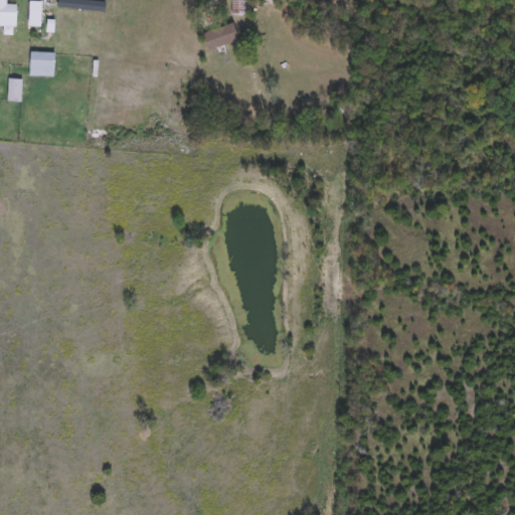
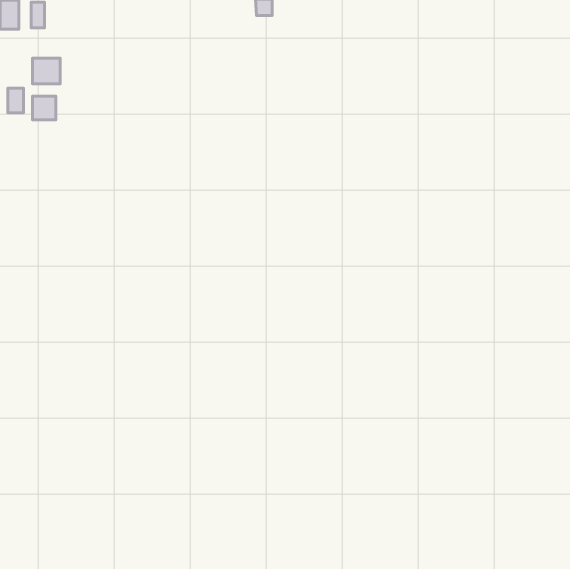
building: [203,22,239,50] -> none
building: none -> [33,96,56,120]

